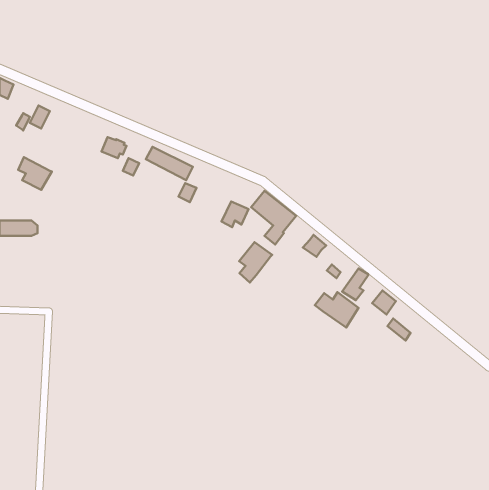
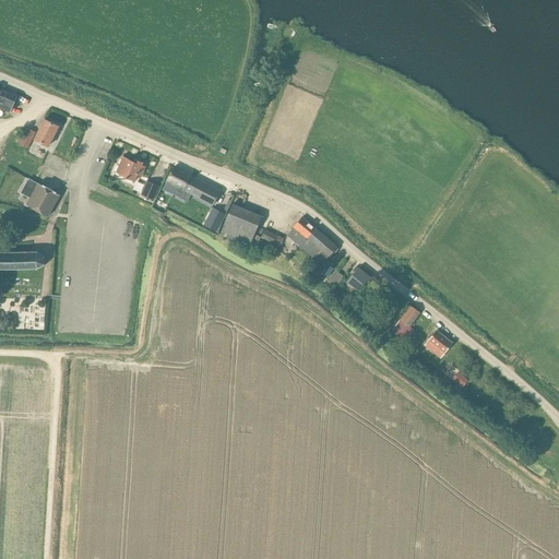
building: none -> [219,204,260,246]
building: [239,242,272,283] -> none
building: [315,292,359,328] -> none

